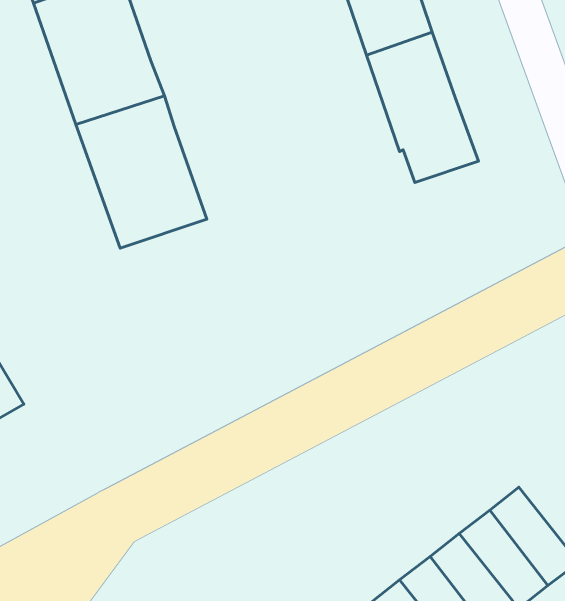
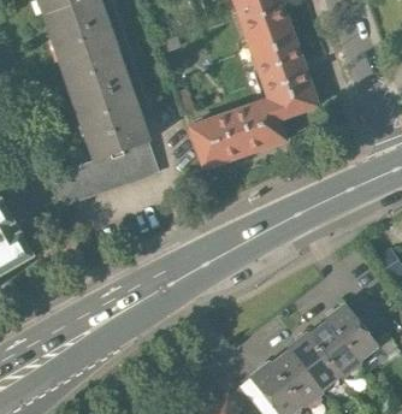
building: none -> [188,95,284,165]
building: none -> [47,138,158,201]

